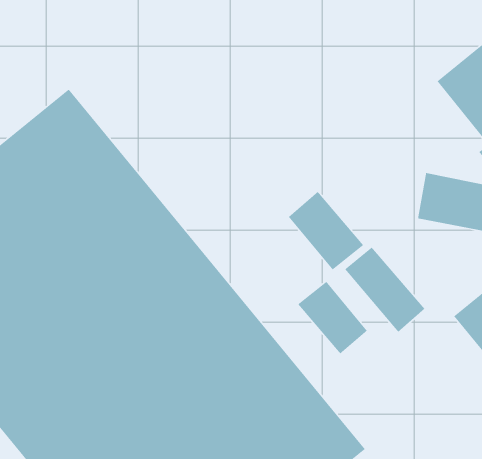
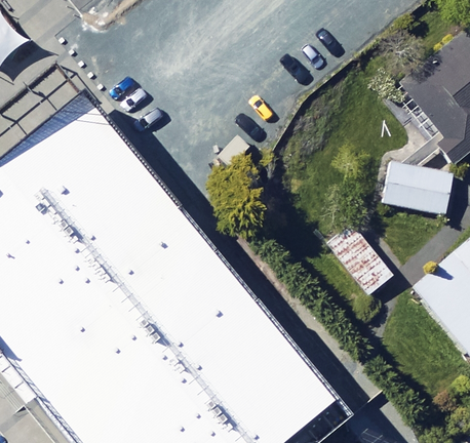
building: [288,191,364,271] -> none
building: [297,281,368,355] -> none

